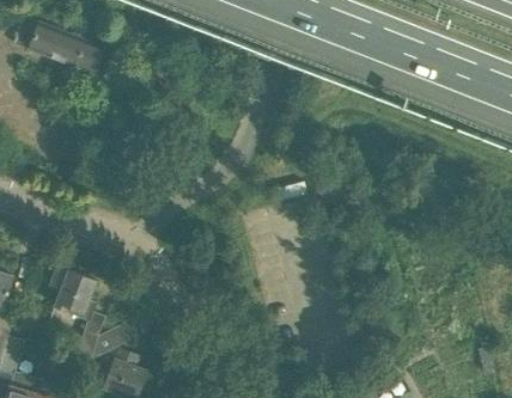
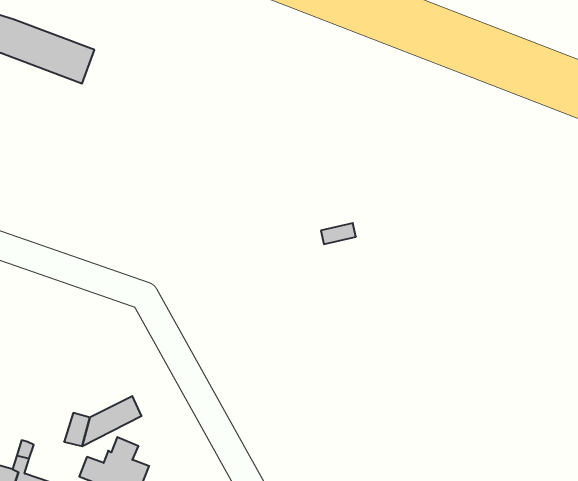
building: [49,269,96,323] -> none

